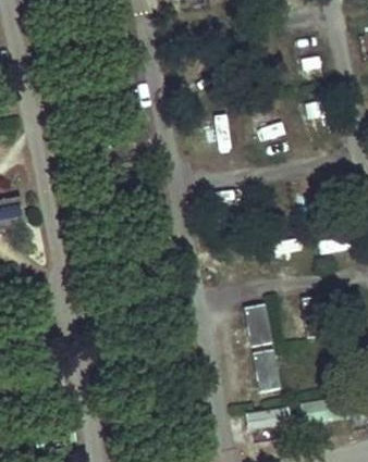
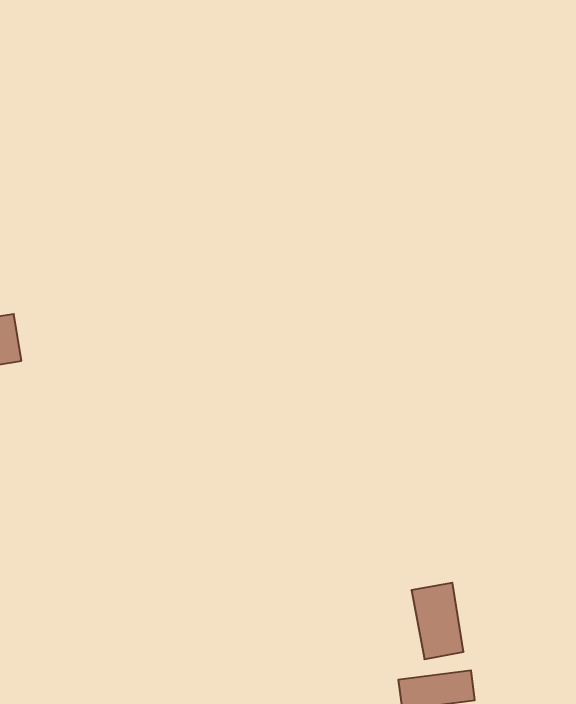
building: [243,308,273,352] -> none

